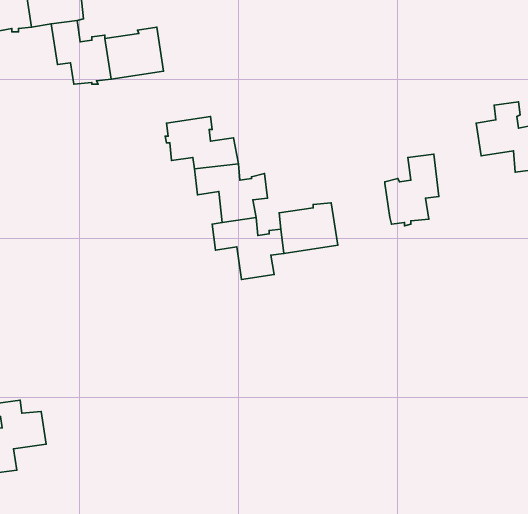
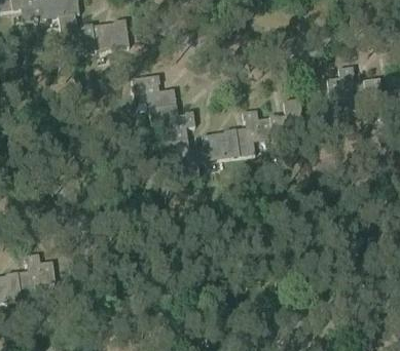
building: none -> [235,111,272,157]

